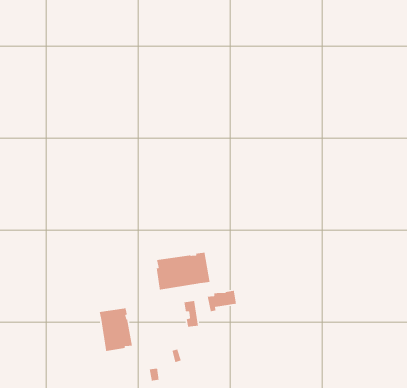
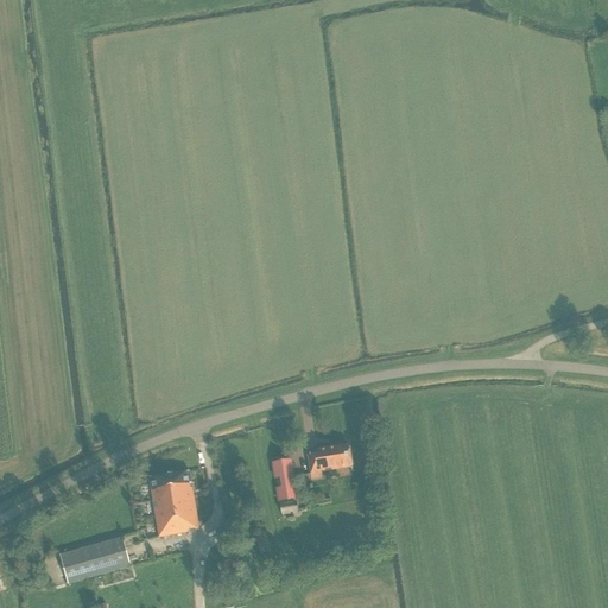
building: [156,252,211,291] -> none
building: none -> [59,537,131,583]

